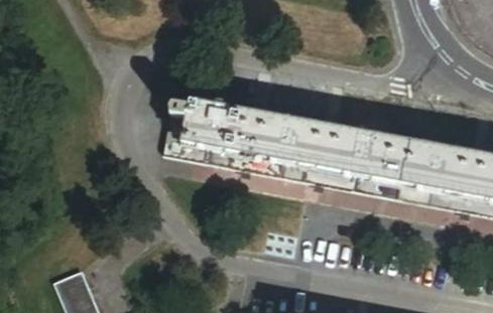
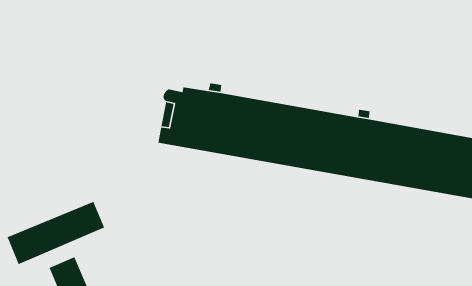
building: none -> [7,201,105,265]

